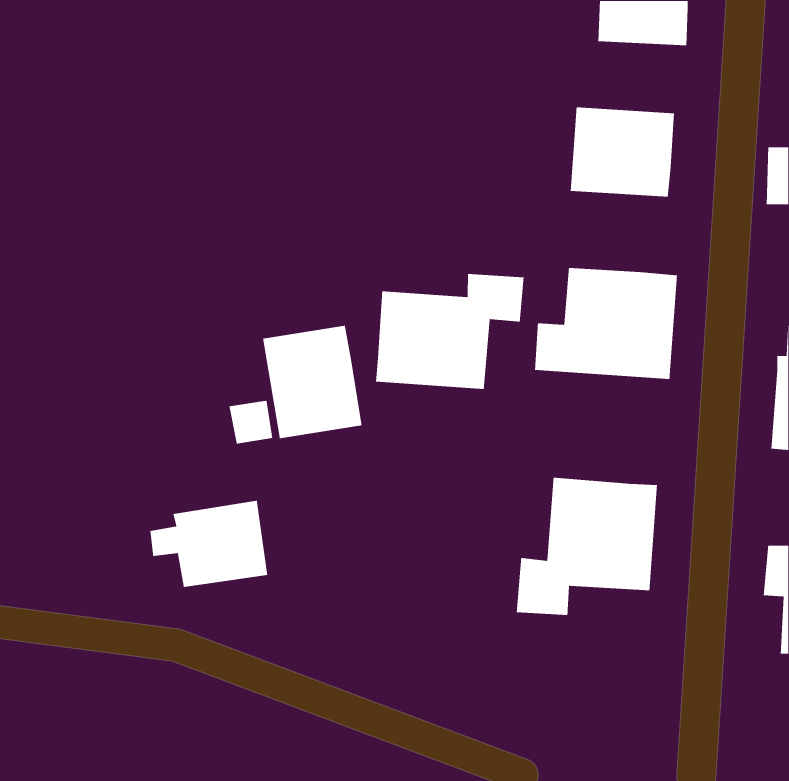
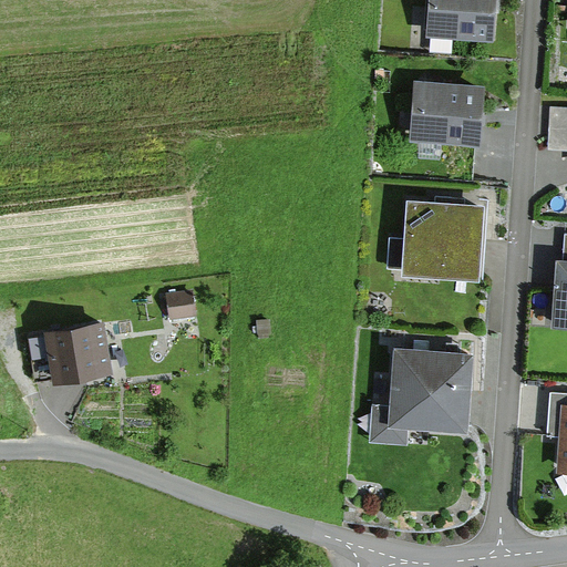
building: [375,273,524,390] -> none
building: [262,325,362,439] -> none
building: [149,500,268,588] -> [29,319,114,382]

